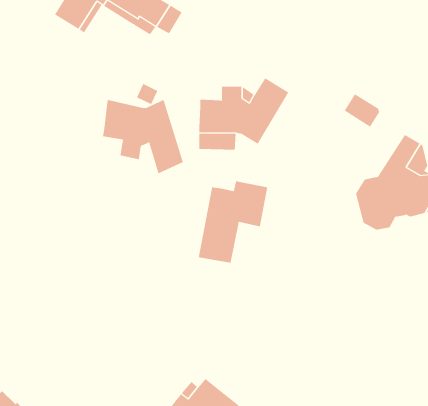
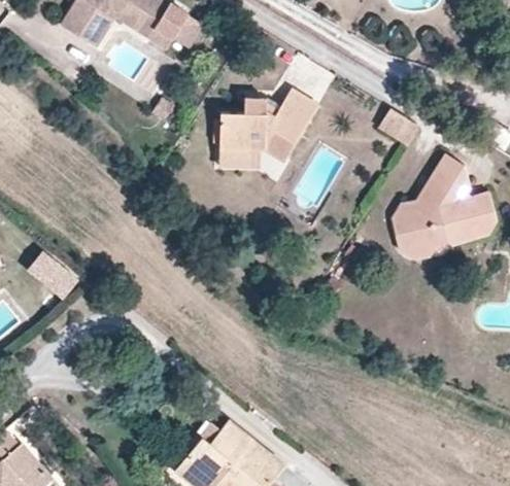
building: [102,99,183,174] -> none
building: [198,180,268,264] -> none
building: none -> [27,252,79,302]

